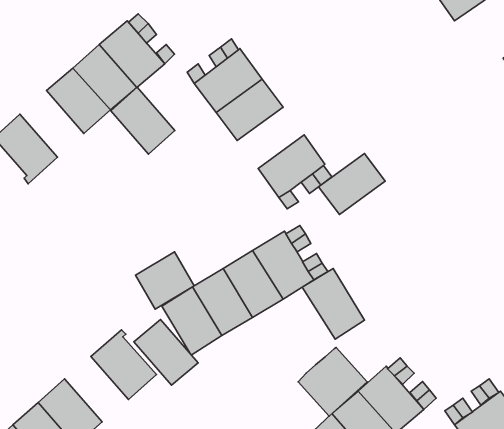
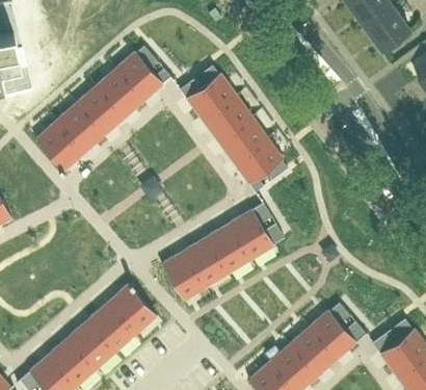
building: [111,87,175,154] -> [55,104,103,154]
building: [318,153,385,215] -> [217,116,267,162]
building: [135,252,194,309] -> none
building: [302,268,364,339] -> none
building: [134,320,198,385] -> [88,303,136,352]
building: [298,348,367,416] -> none

